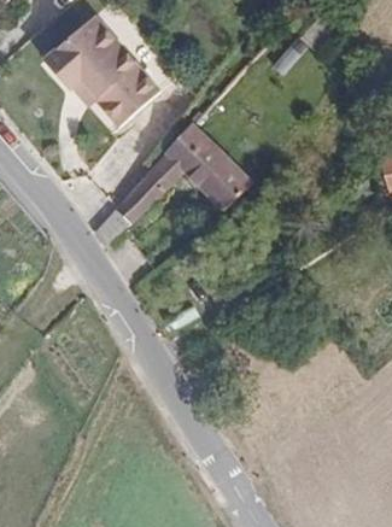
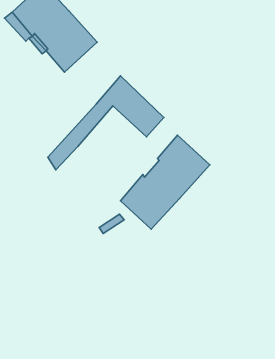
building: none -> [121,135,210,229]

